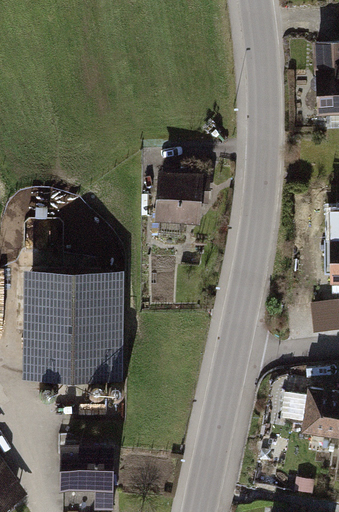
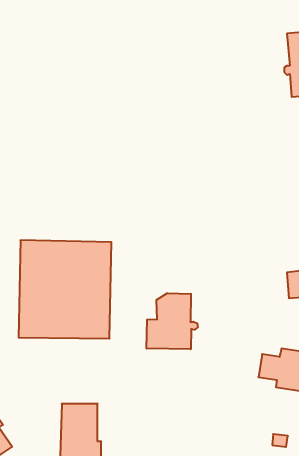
building: [160,175,210,222] -> none
building: none -> [147,293,198,349]

